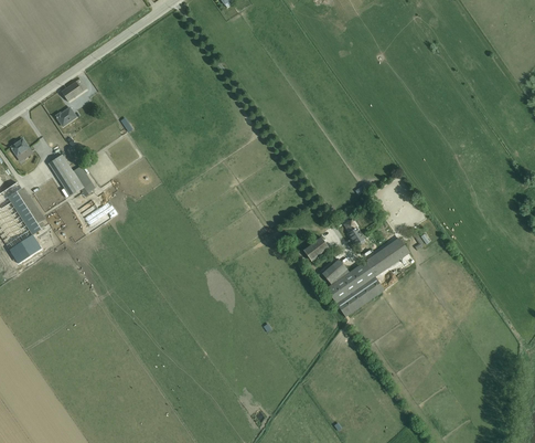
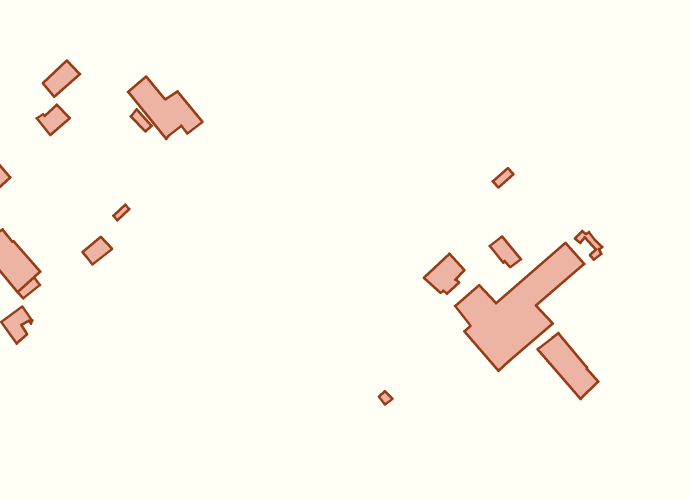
building: [49,154,96,197] -> [128,77,202,139]
building: none -> [538,333,598,399]

